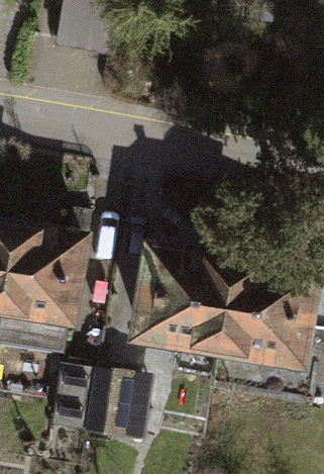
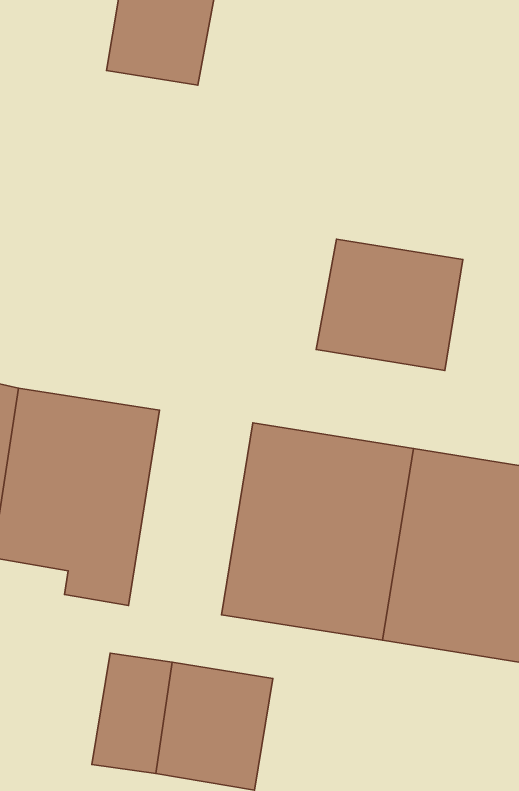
building: none -> [316,239,463,370]

